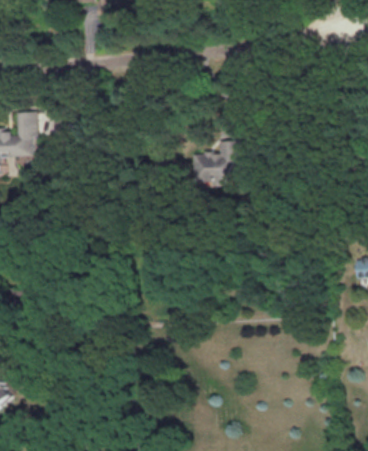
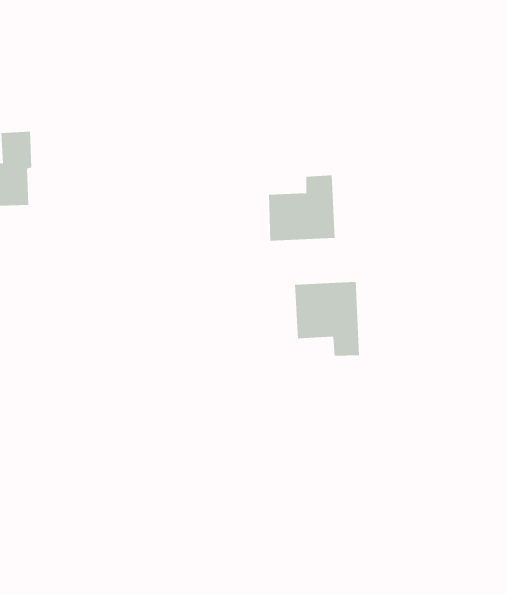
building: none -> [295,281,360,357]

